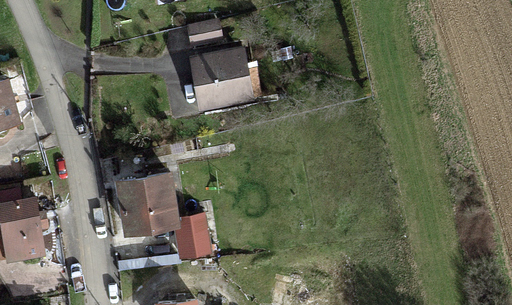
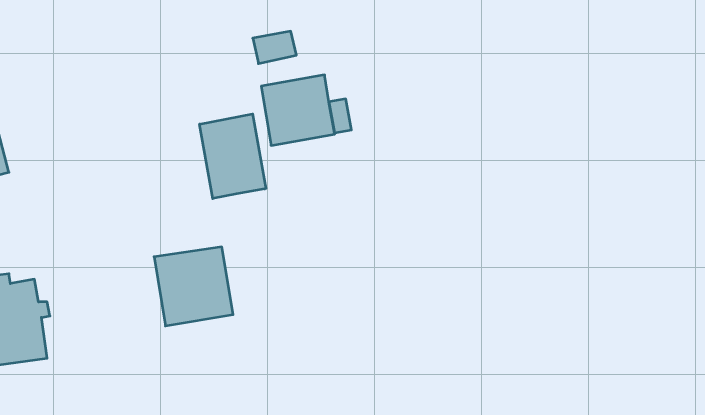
building: none -> [200,114,266,199]
building: [177,216,211,258] -> none

